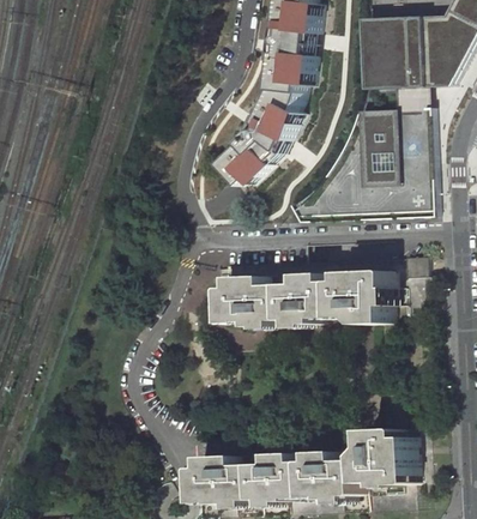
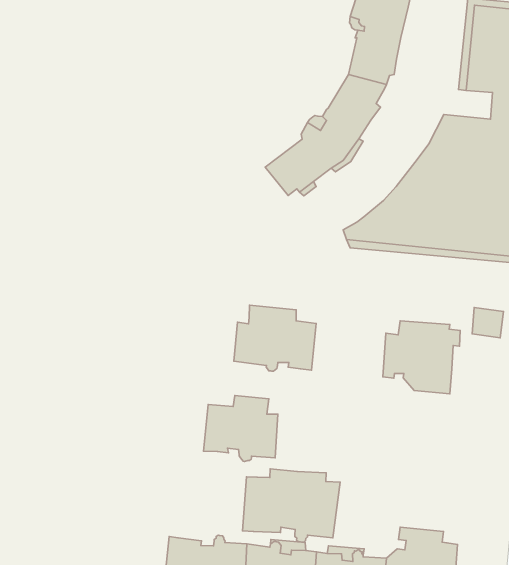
building: [278,272,334,322] -> [204,396,278,461]
building: none -> [243,469,340,542]

